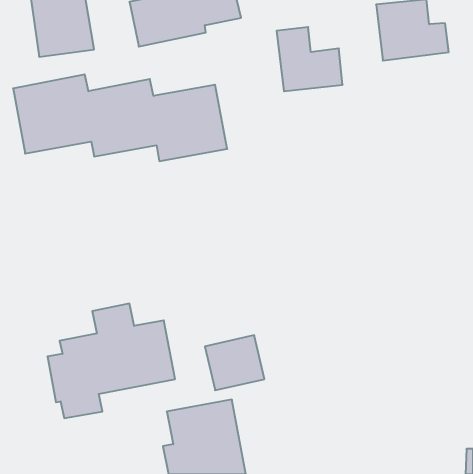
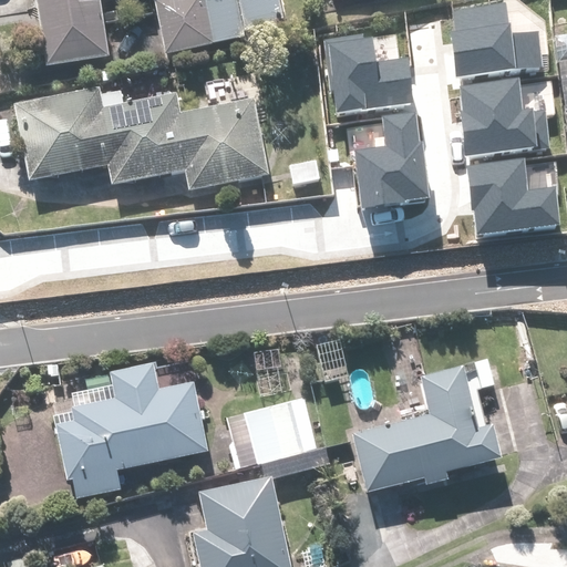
building: none -> [460,78,545,150]
building: none -> [353,115,422,202]
building: none -> [464,156,558,231]
building: none -> [350,367,504,491]

